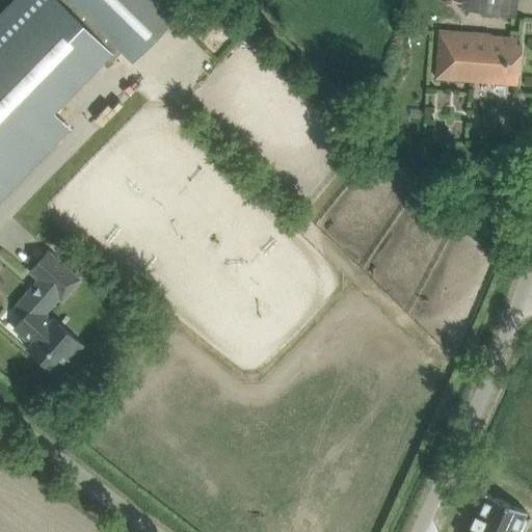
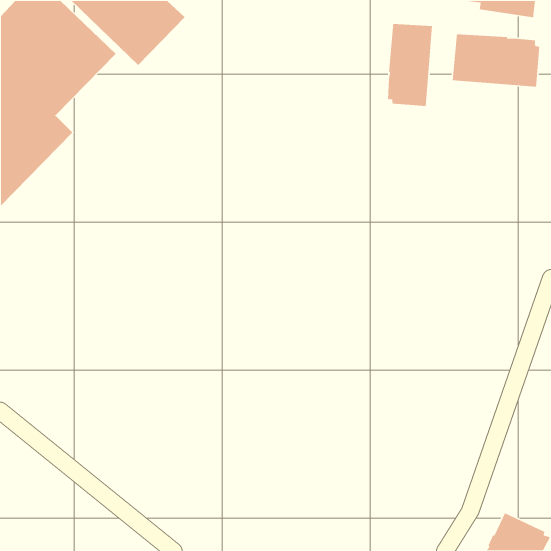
building: none -> [387,23,433,107]
building: [14,250,80,372] -> none

